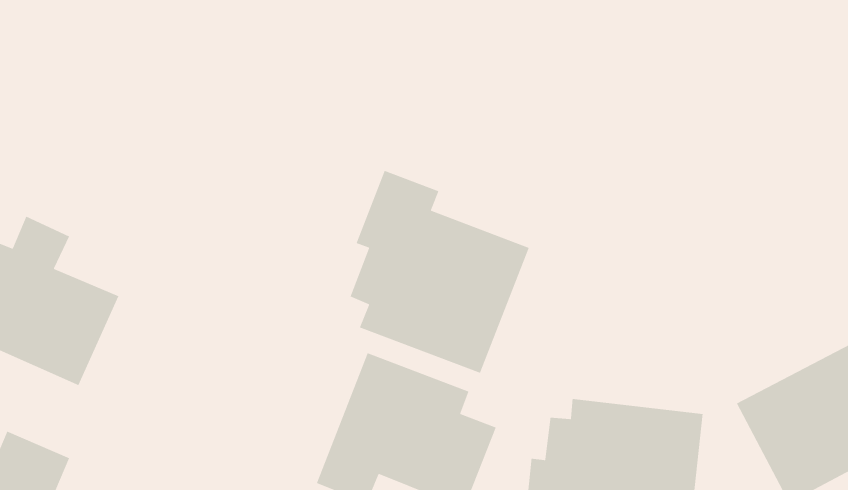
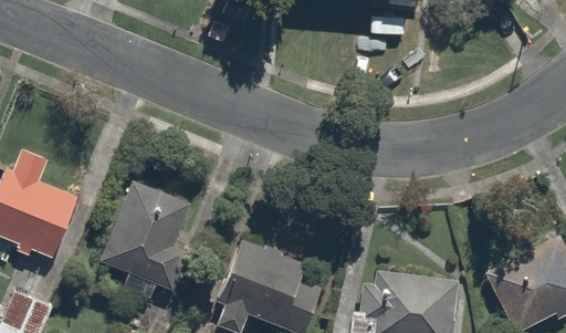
building: [350,170,530,374] -> none
building: none -> [98,178,197,302]

